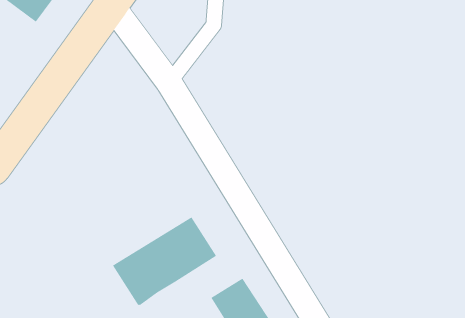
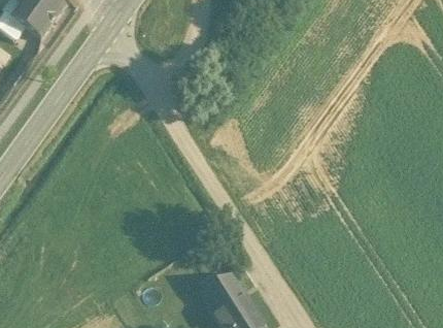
building: [112,217,217,306] -> none

